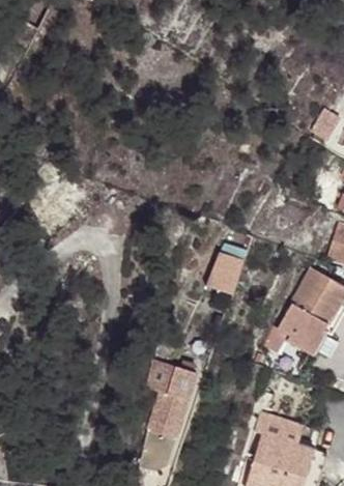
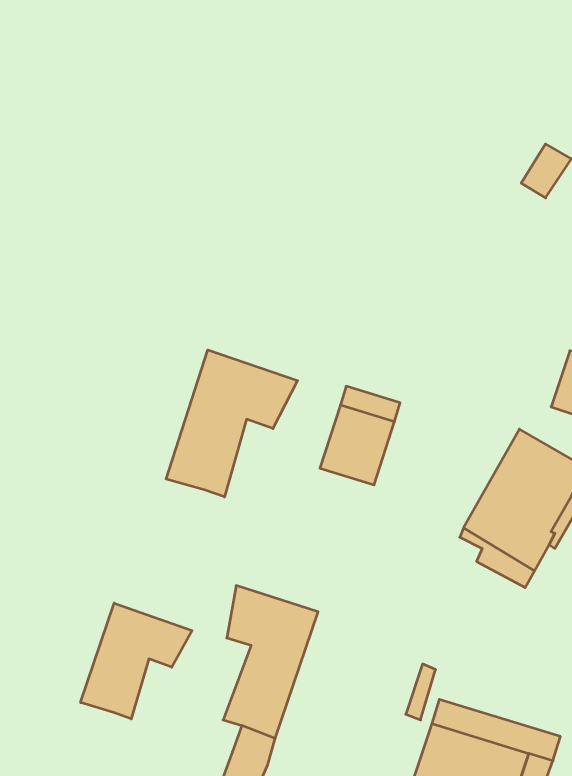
building: none -> [166,350,298,497]
building: none -> [81,603,192,719]

